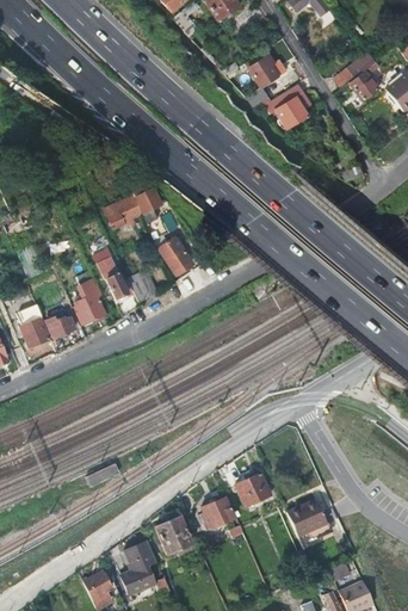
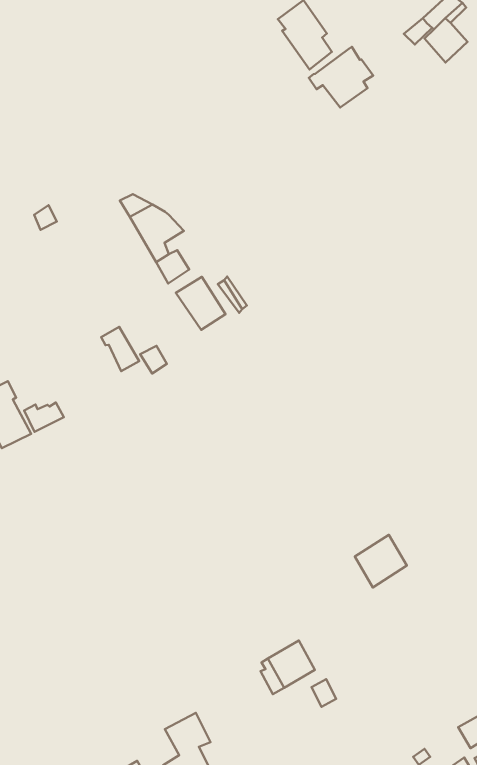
building: [104,196,142,228] -> none
building: [74,277,107,322] -> none
building: [236,471,272,507] -> [355,535,407,587]
building: [290,499,328,536] -> none
building: [155,517,190,549] -> none

